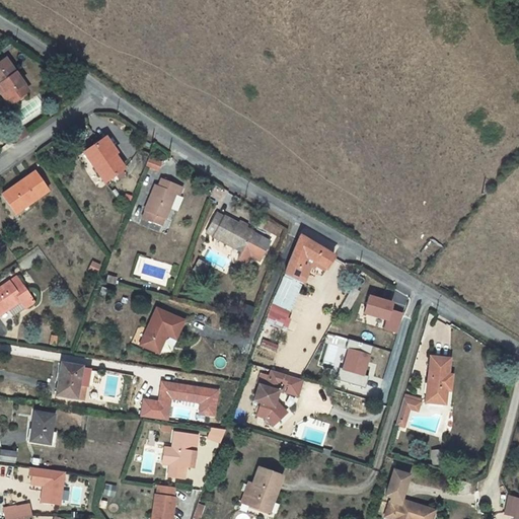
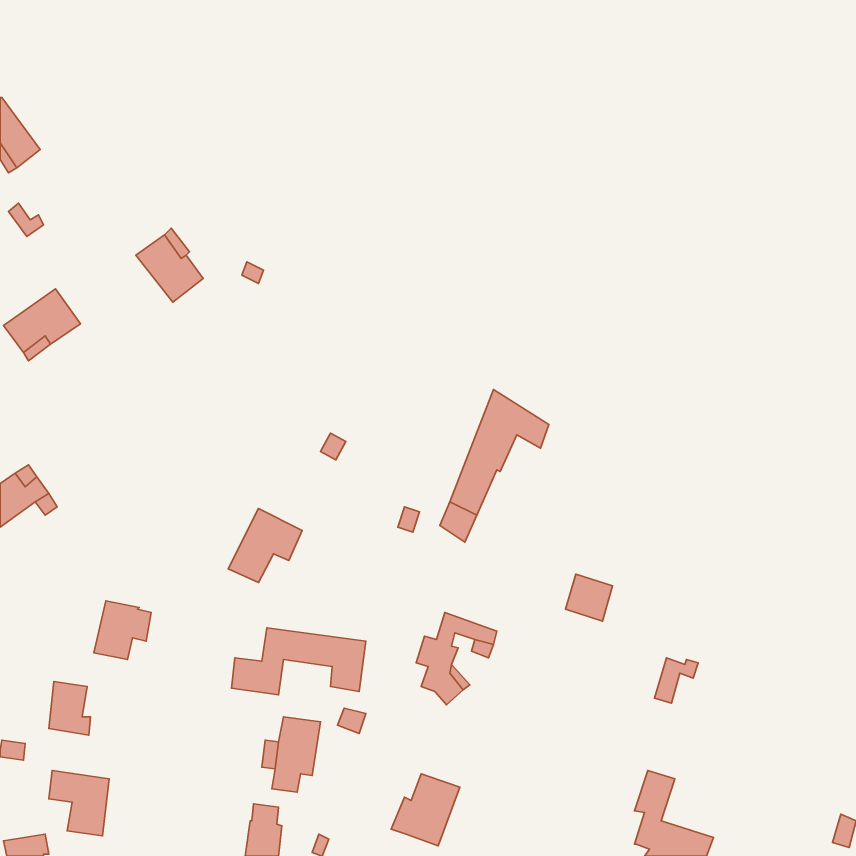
building: [142,179,182,227] -> none
building: [209,215,273,266] -> none
building: [366,293,403,333] -> none
building: [428,351,454,397] -> none

